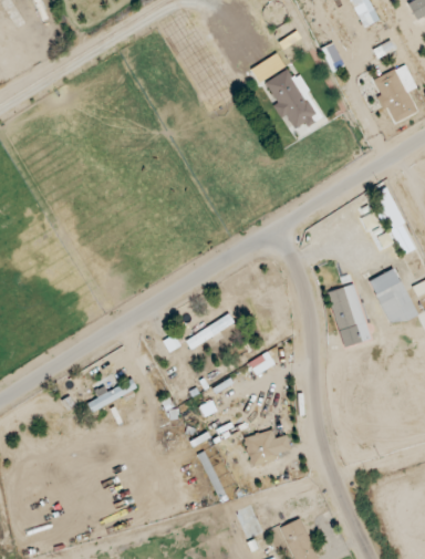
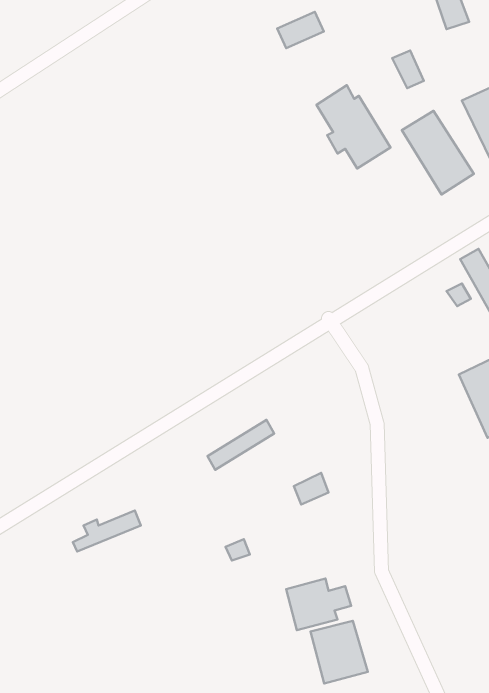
building: [251,54,286,81] -> [277,12,324,48]
building: none -> [402,111,474,195]
building: [328,283,371,348] -> none
building: none -> [311,621,368,684]

